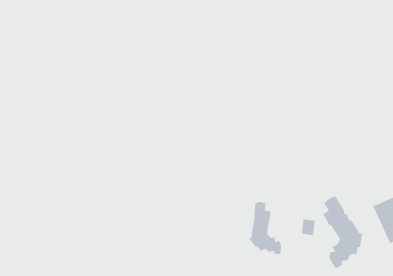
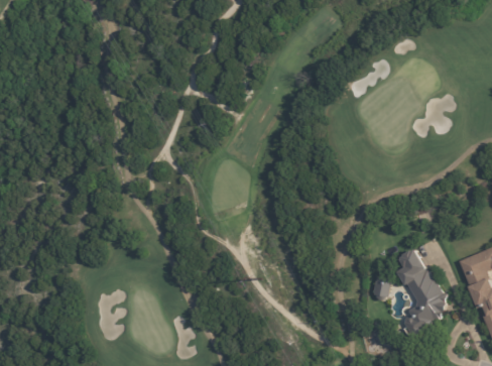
building: [248,201,282,255] -> none

